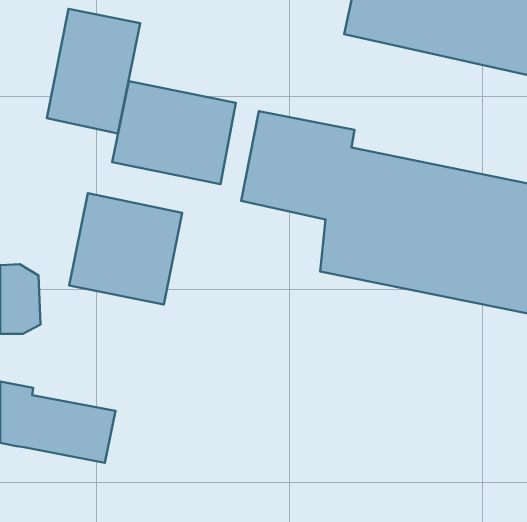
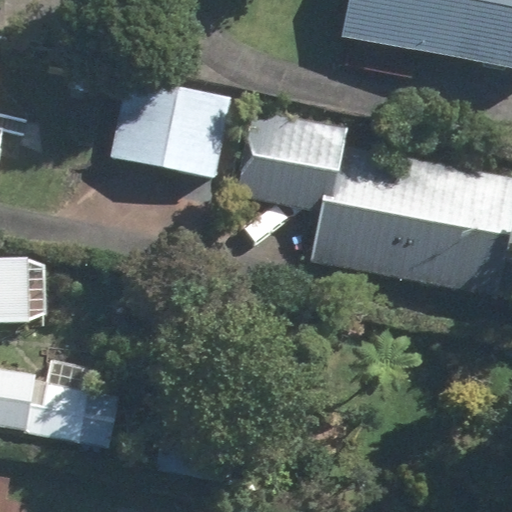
building: [47,9,140,133] -> none
building: [69,193,182,304] -> none

